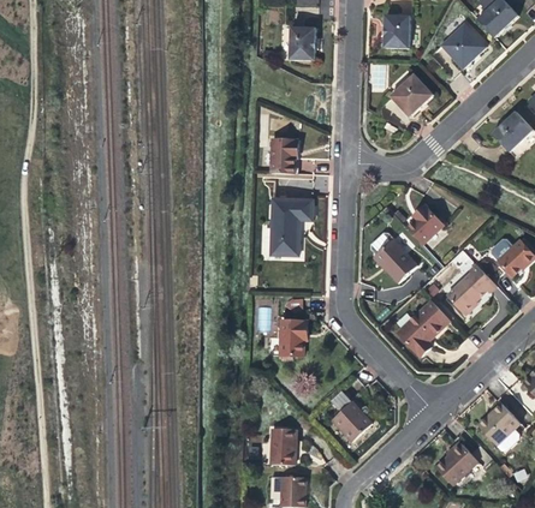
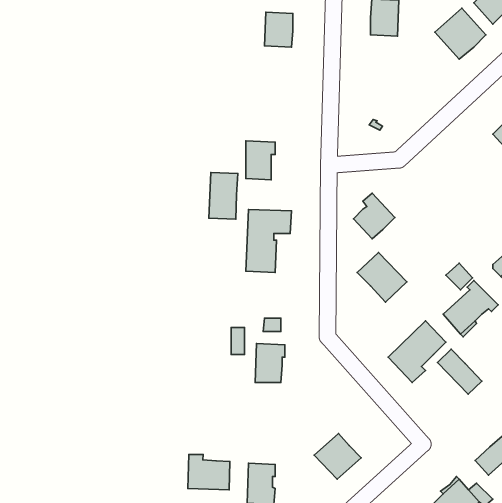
building: [390,71,434,114] -> none
building: none -> [209,173,238,219]
building: [405,204,442,245] -> [353,193,395,239]
building: none -> [437,349,482,394]
building: none -> [188,454,230,490]

